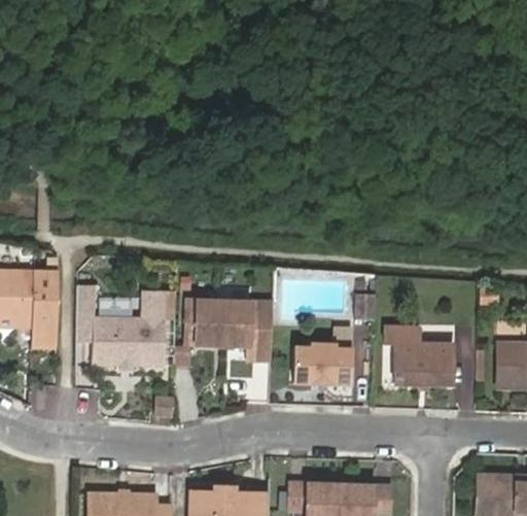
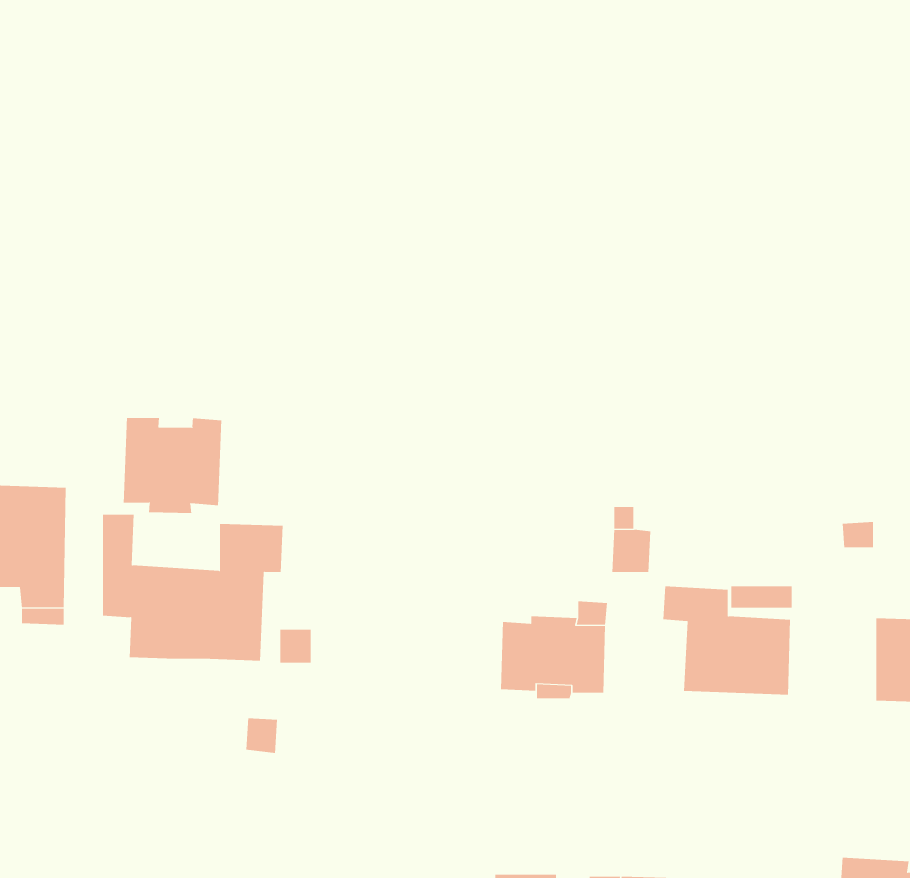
building: none -> [123,417,222,514]
building: [186,300,271,359] -> none

